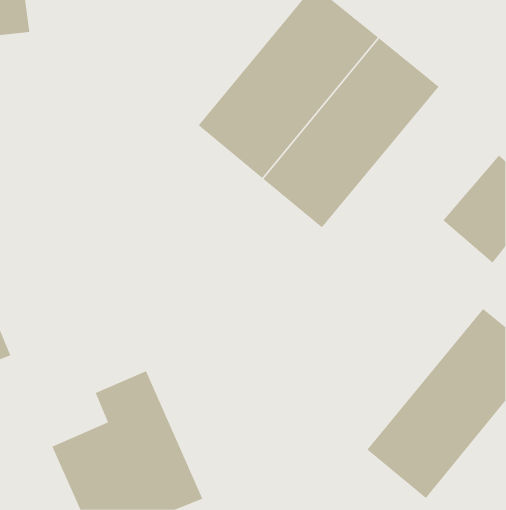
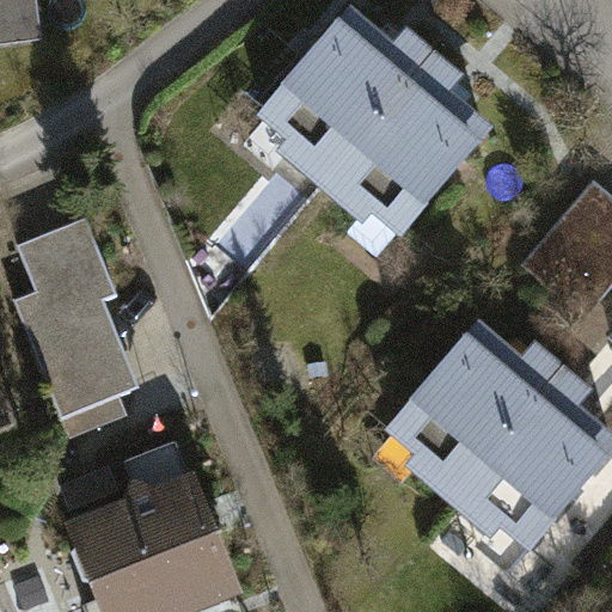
building: none -> [12,213,134,410]
building: none -> [357,302,571,532]

